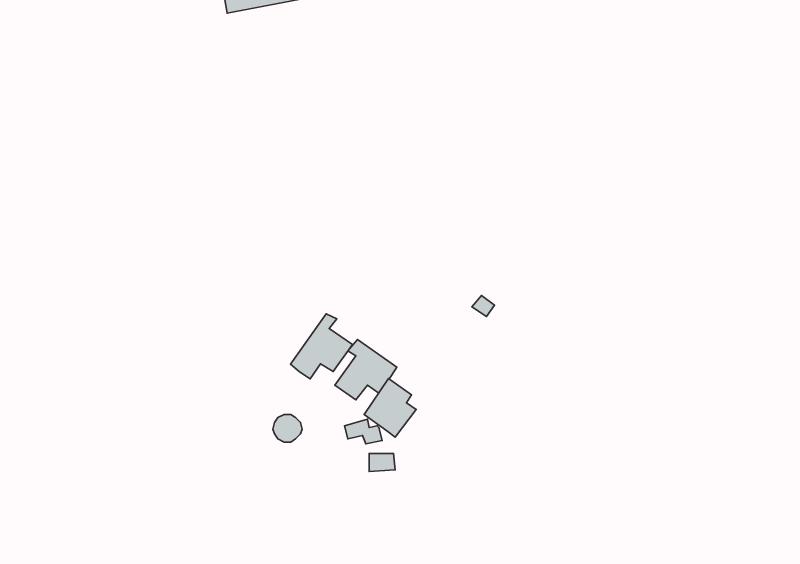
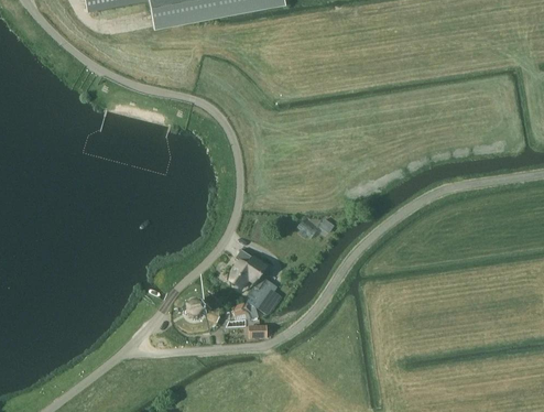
building: [291,314,352,379] -> none

